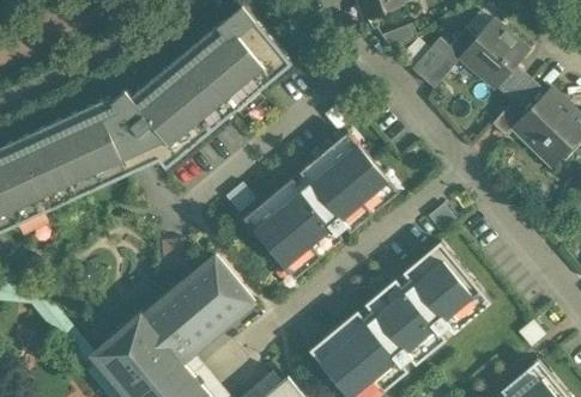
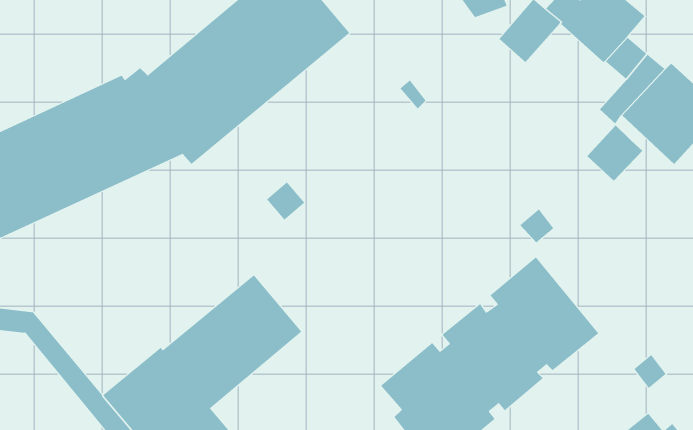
building: none -> [586,124,643,181]
building: [249,136,391,271] -> none

